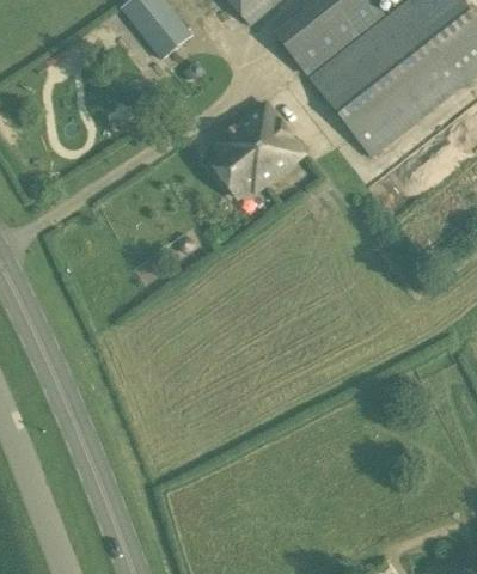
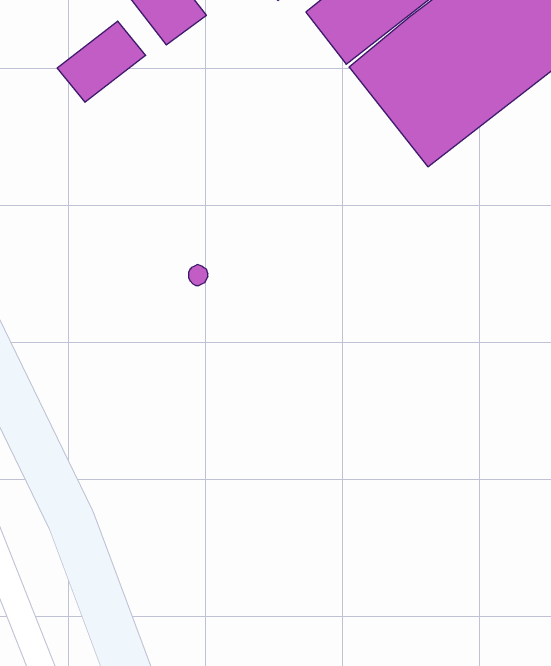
building: none -> [57,21,146,102]
building: [207,104,304,196] -> none

